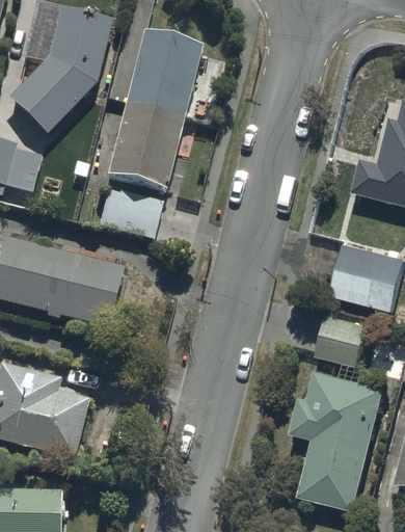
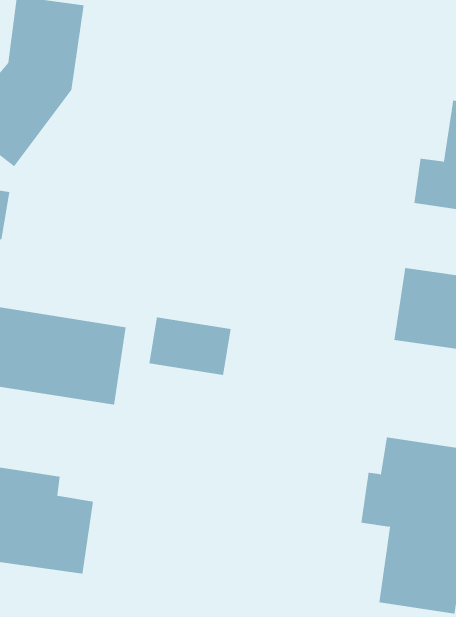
building: [105,28,203,190] -> none
building: [96,191,162,241] -> [148,317,232,375]
building: [317,317,367,368] -> none

